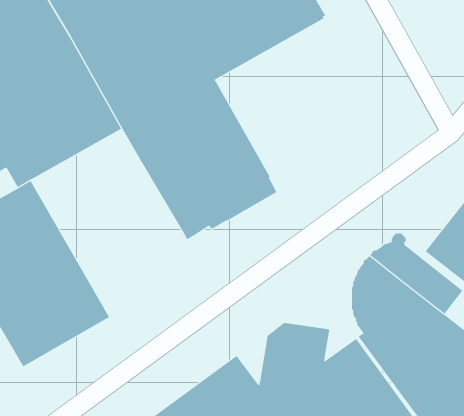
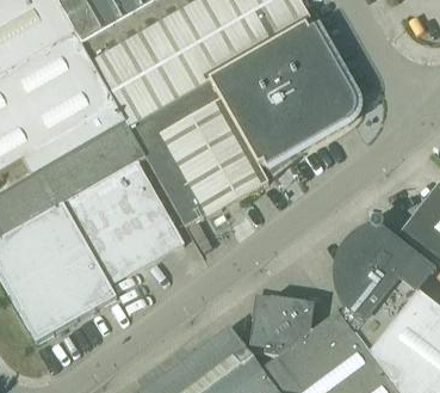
building: none -> [211,22,357,166]
building: none -> [44,122,185,284]

